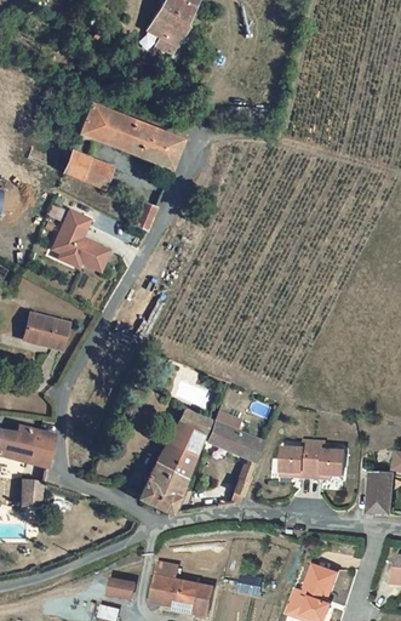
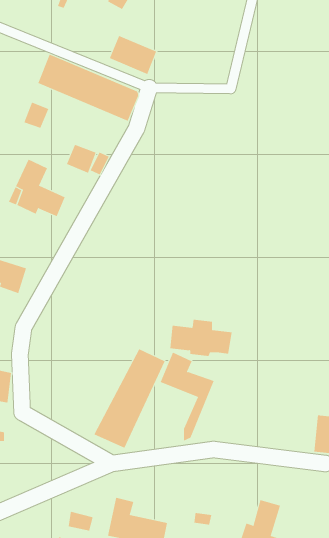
building: none -> [109,35,157,75]
building: [84,156,115,187] -> [66,144,97,173]
building: [279,438,344,477] -> [170,319,232,356]

